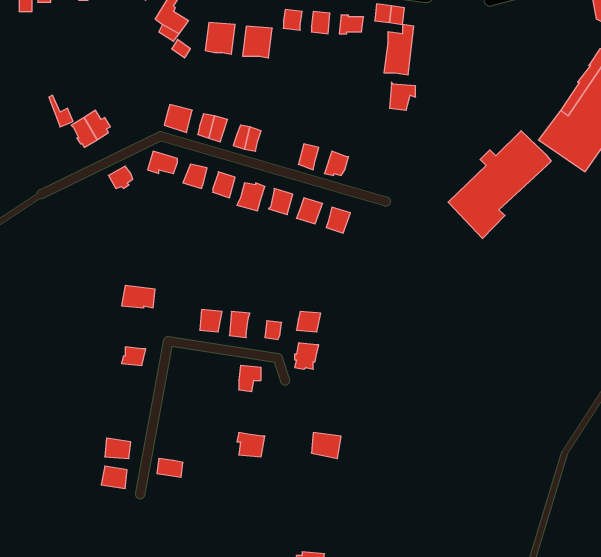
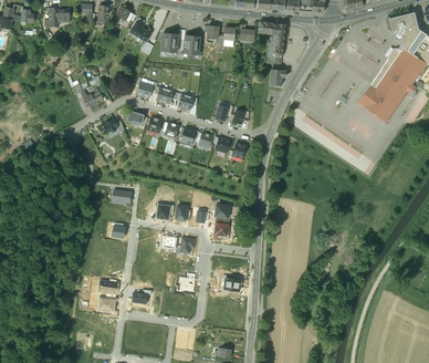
building: [448,131,551,239] -> none

